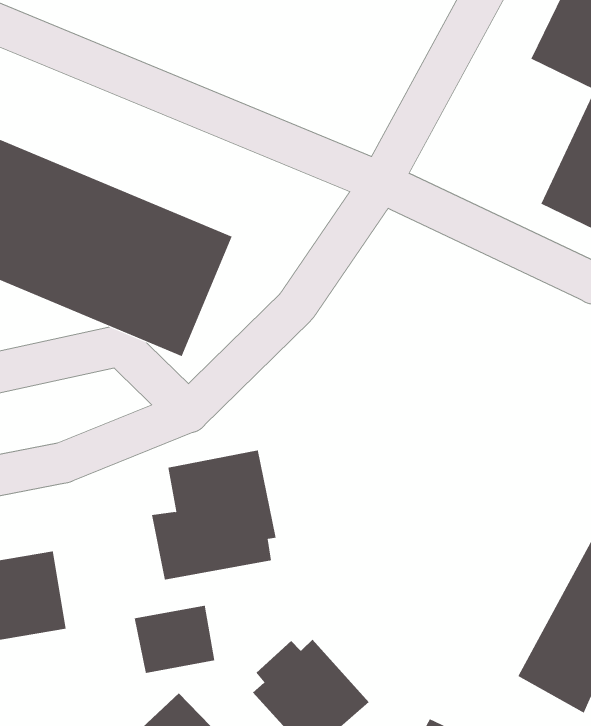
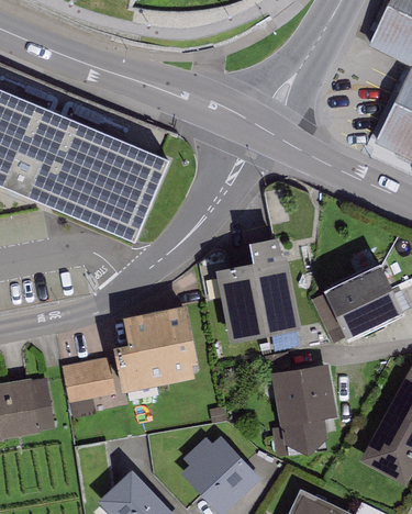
building: none -> [215,241,301,345]
building: none -> [323,267,404,344]
building: none -> [270,362,335,456]
building: [134,605,215,674] -> [60,354,115,400]

